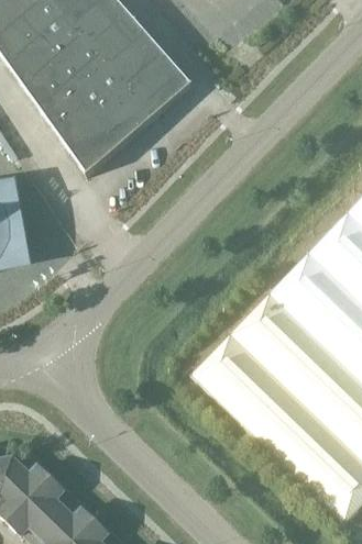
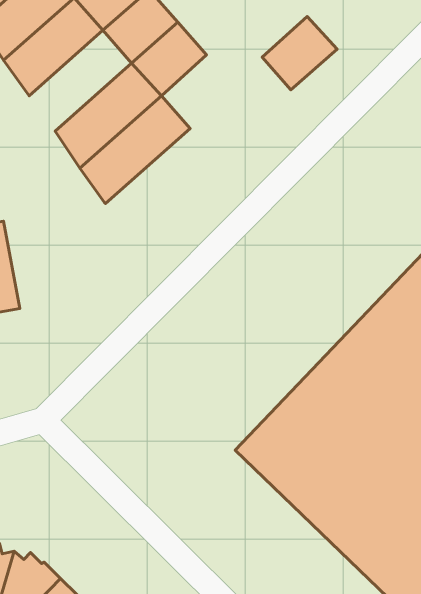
building: [25,36,108,118] -> none
building: [132,56,193,115] -> [262,16,337,90]

